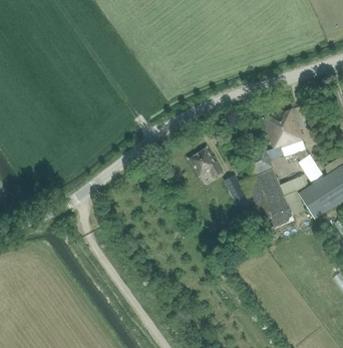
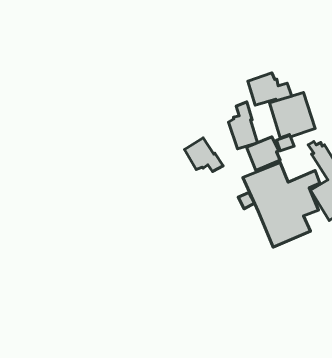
building: none -> [248,73,292,105]
building: none -> [229,102,257,149]

